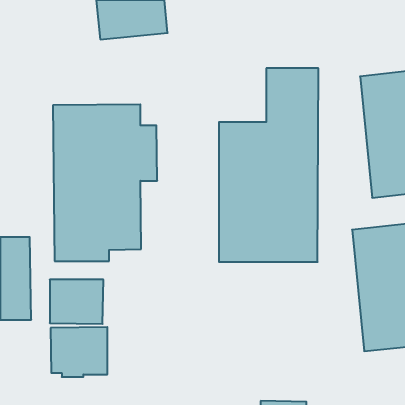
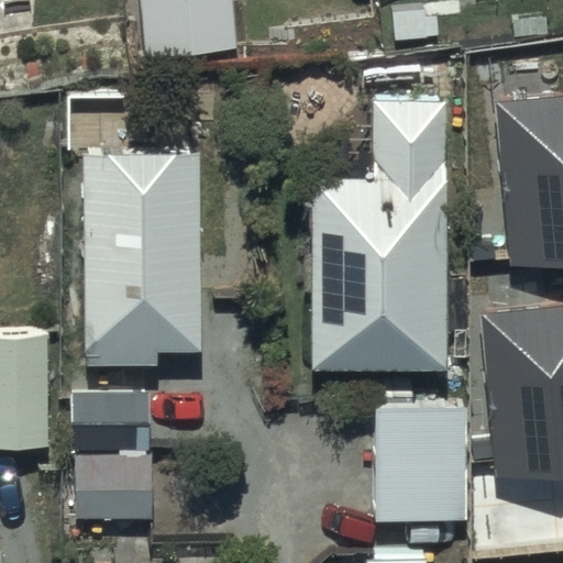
building: none -> [373,405,467,547]

